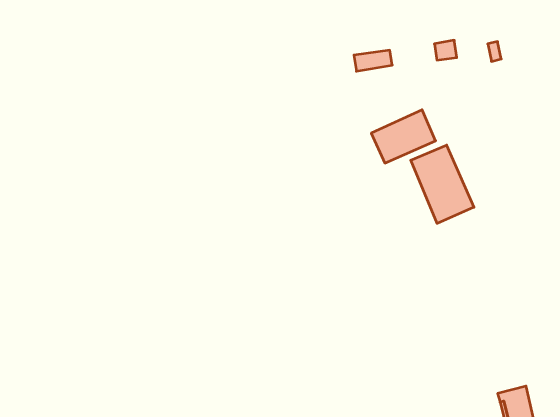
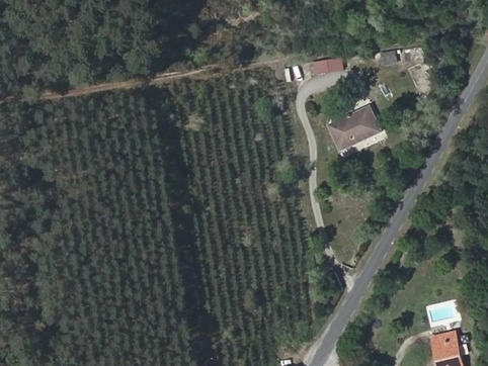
building: [411,145,474,223] -> none

